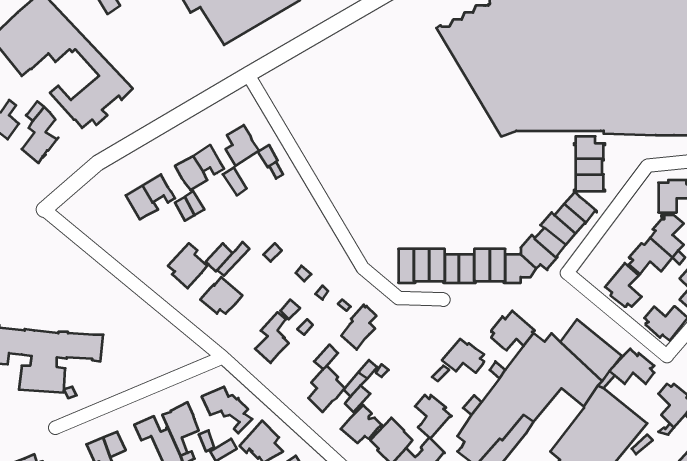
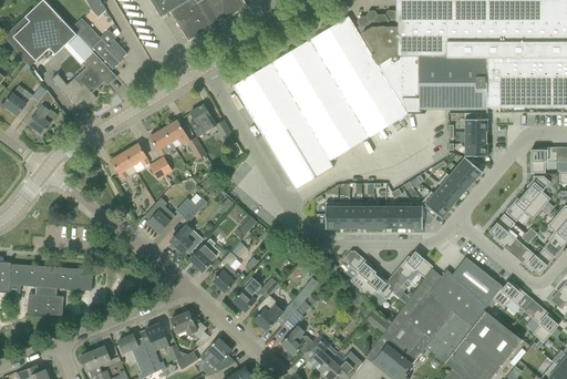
building: none -> [233,16,406,190]
building: none -> [72,18,127,69]
building: none -> [189,238,219,272]
building: [341,305,376,350] -> [234,276,261,311]
building: none -> [426,311,472,361]
building: [415,395,452,439] -> [348,255,377,289]

